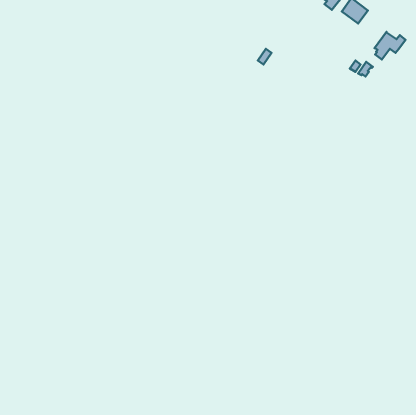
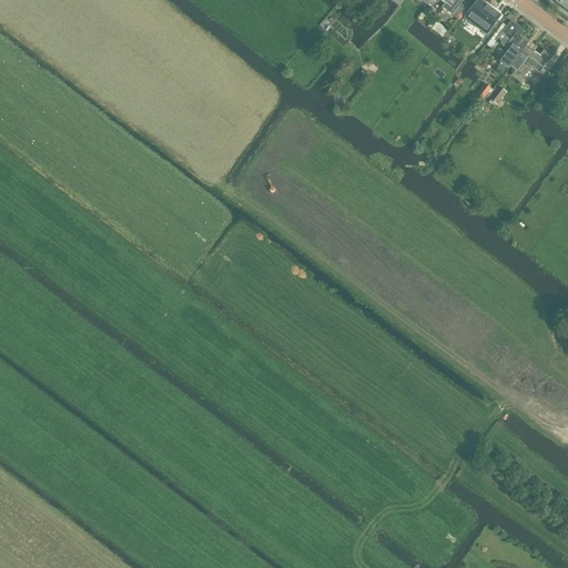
building: none -> [493,19,529,68]

